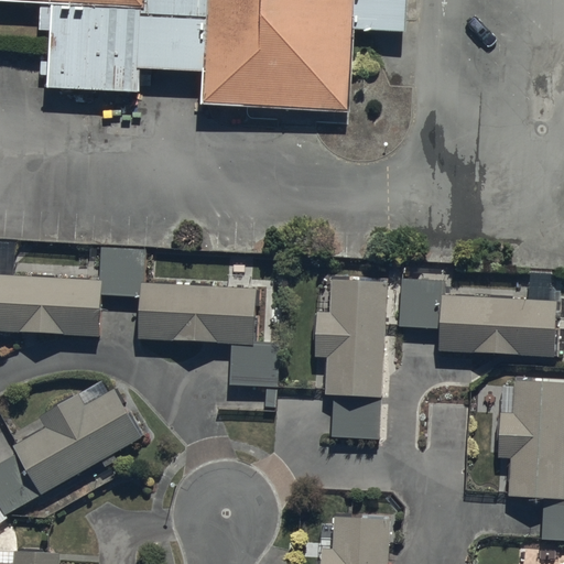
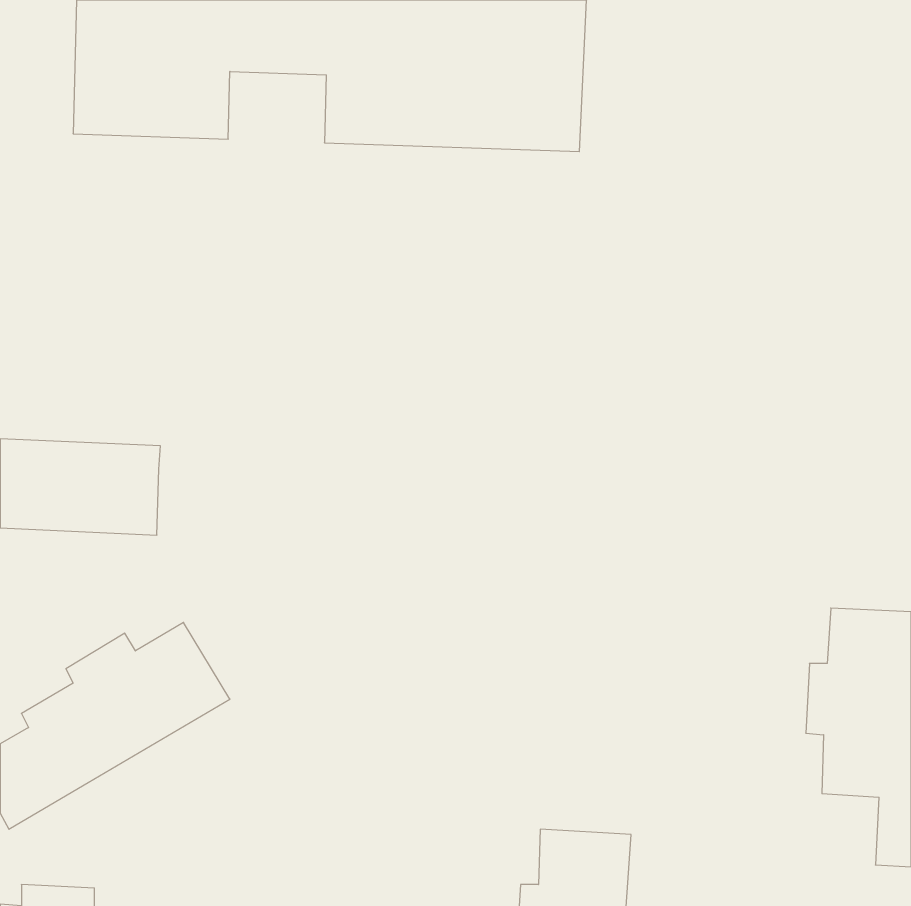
building: [98,247,278,409] -> none
building: [399,276,555,355] -> none
building: [316,278,386,438] -> none

